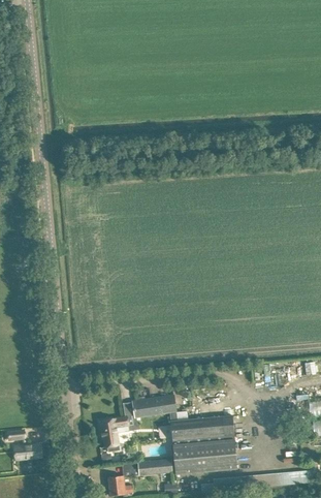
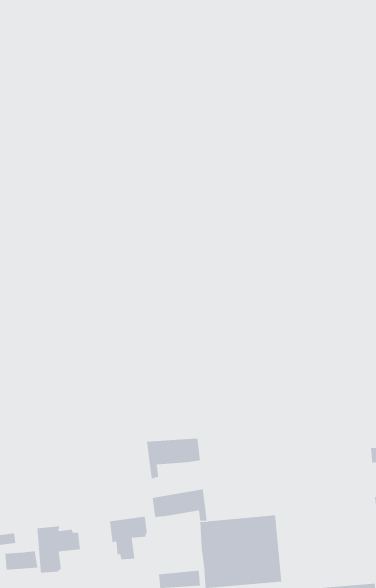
building: none -> [147,438,201,479]
building: none -> [37,525,81,574]

